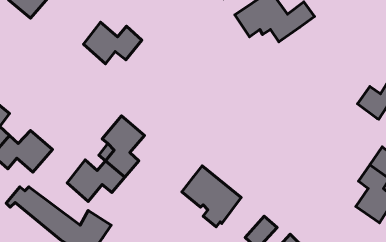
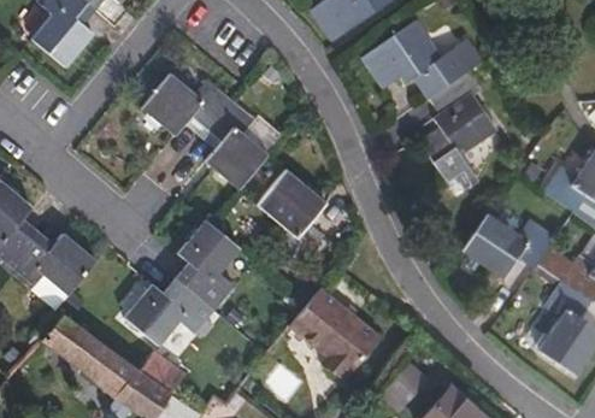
building: none -> [424,80,499,199]
building: none -> [205,99,265,187]
building: none -> [257,169,323,260]
building: none -> [467,213,560,279]

